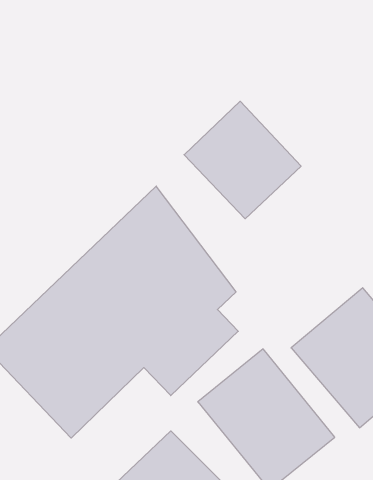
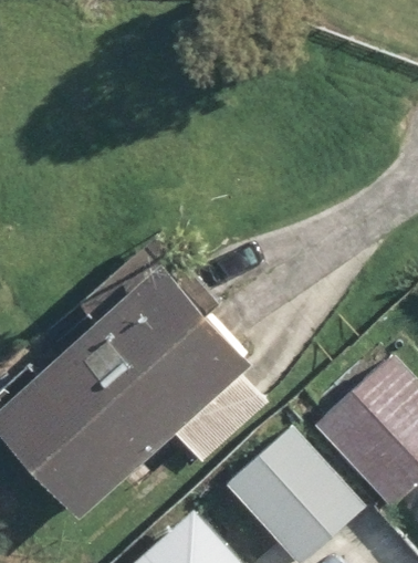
building: [184,101,301,219] -> none

